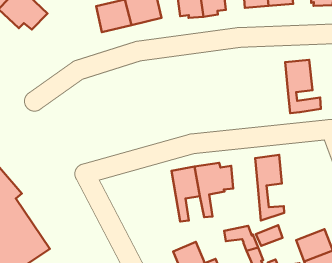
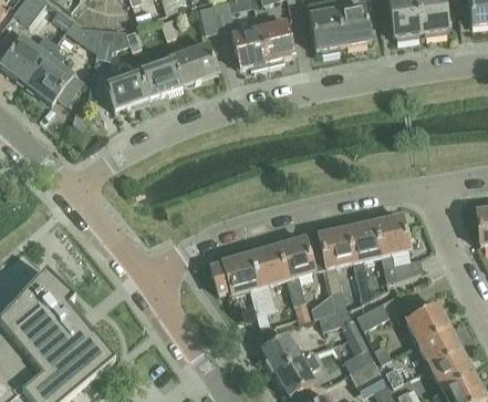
building: none -> [103,66,149,110]
building: [285,60,321,113] -> [374,214,422,279]
building: none -> [318,226,353,310]
building: none -> [210,251,270,327]

